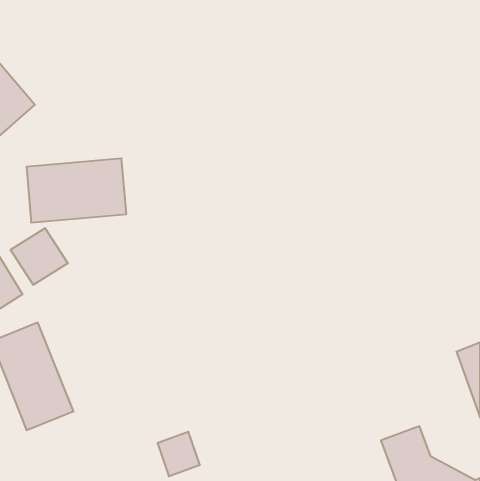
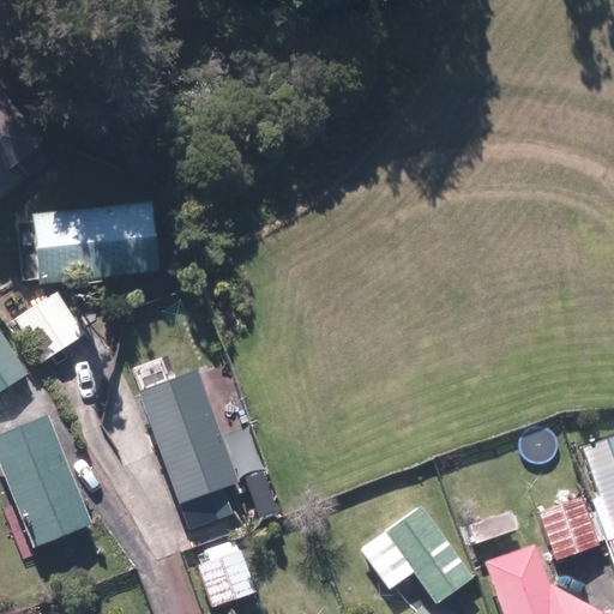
building: none -> [130,359,241,530]
building: none -> [538,496,597,560]
building: none -> [360,506,471,602]

